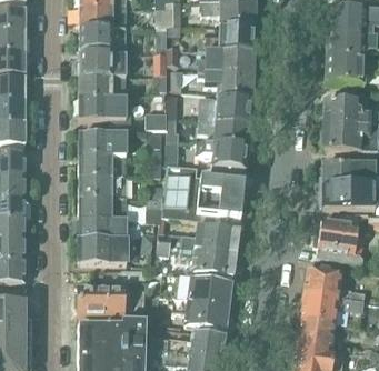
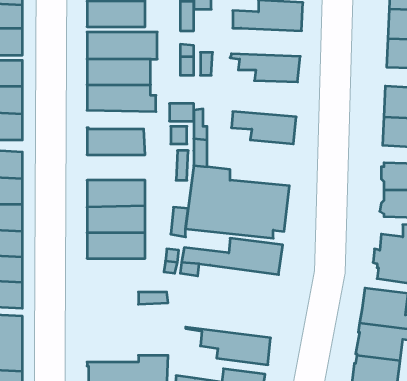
building: [197,50,255,73] -> none
building: [198,98,251,123] -> none
building: [195,141,248,167] -> none
building: [78,154,126,176] -> none
building: [74,240,126,262] -> none
building: [178,245,236,273] -> none
building: [159,273,232,305] -> none
building: [78,290,144,320] -> none

